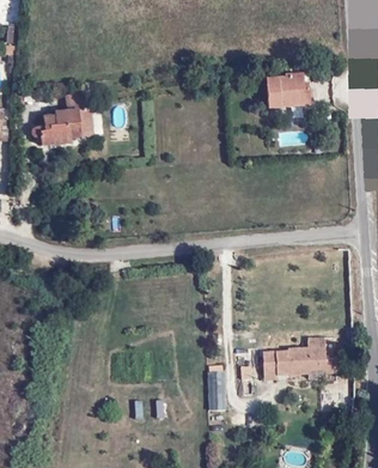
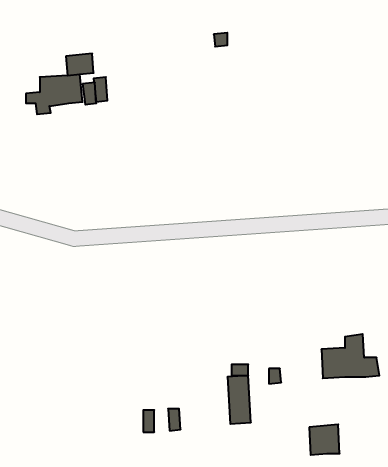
building: [267,74,310,108] -> none
building: [263,350,289,376] -> [309,424,340,455]

